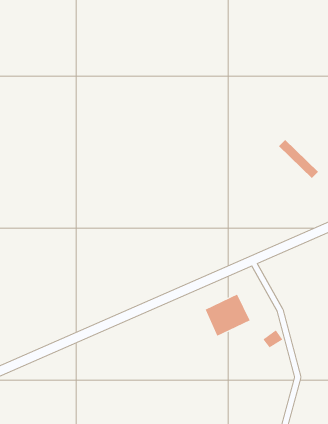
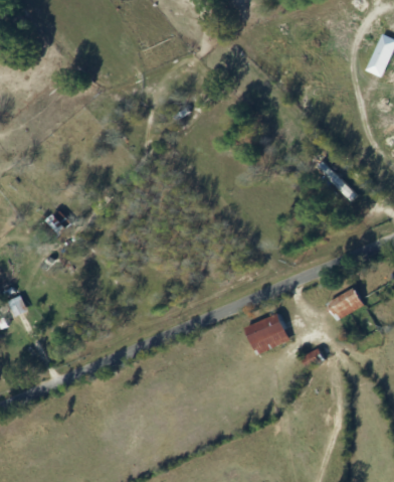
building: none -> [324,289,361,321]

